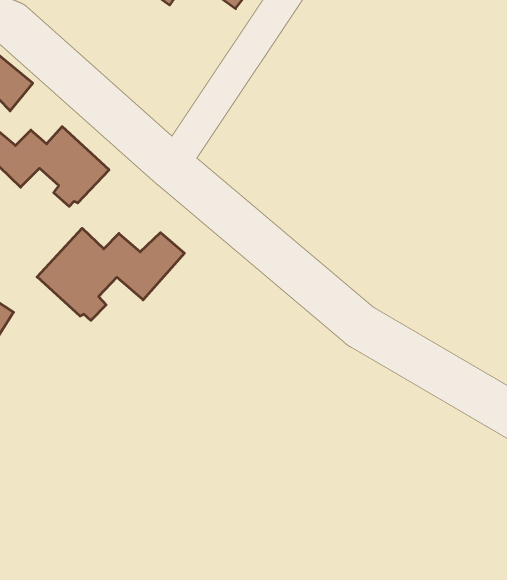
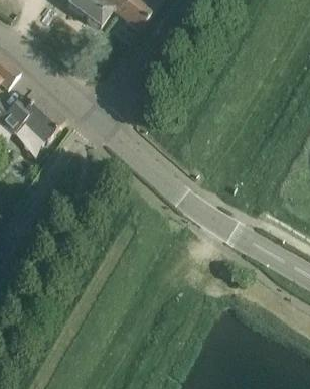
building: [37,228,184,320] -> none

